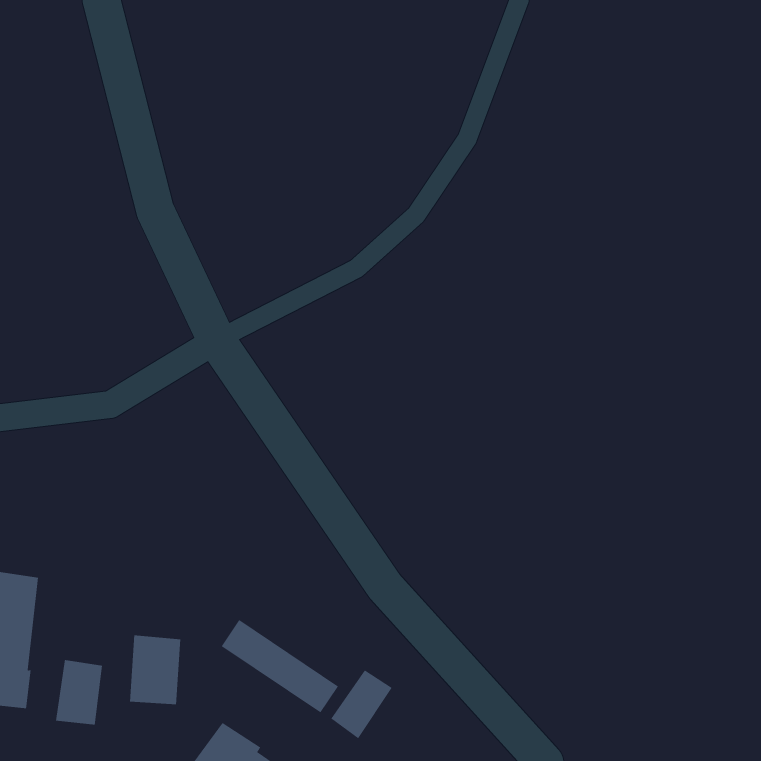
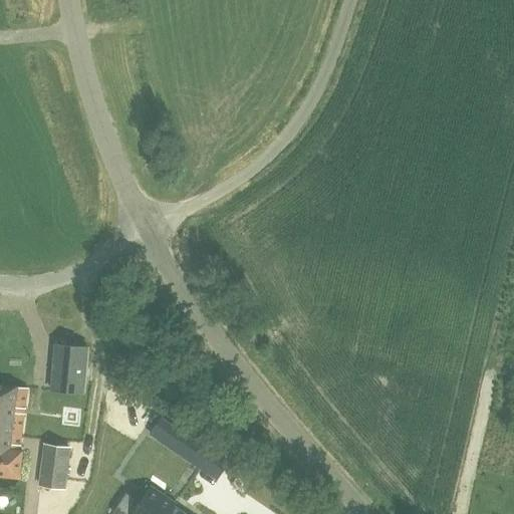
building: [129,635,181,705] -> [51,345,86,393]
building: [330,669,393,739] -> none

